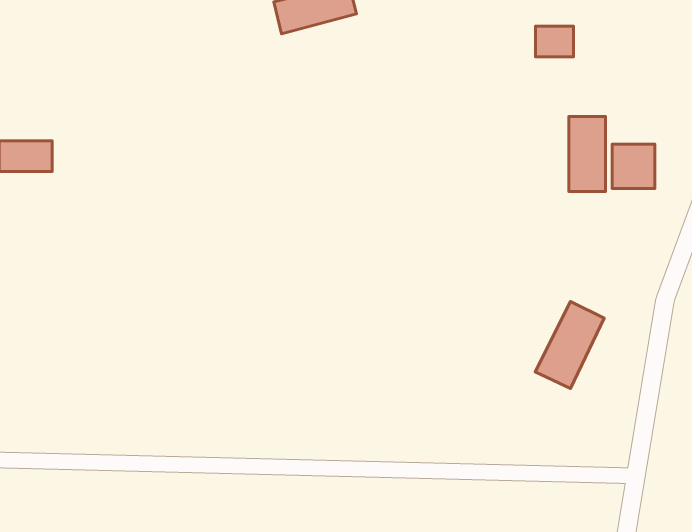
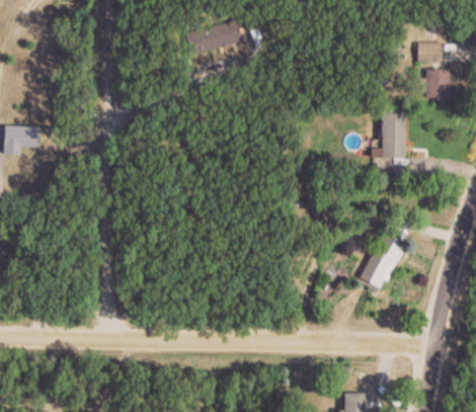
building: [535,26,574,57] -> [414,44,440,64]
building: [612,144,655,189] -> [424,70,453,99]

